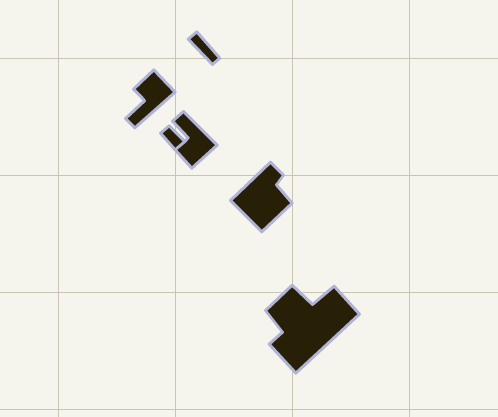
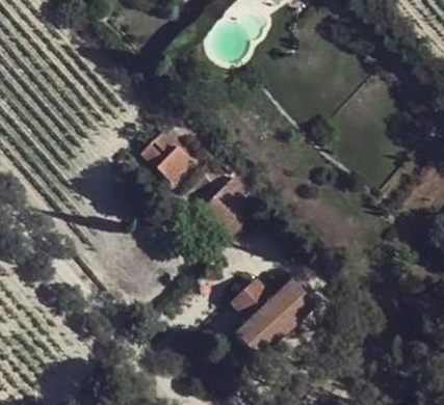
building: [126,70,175,128] -> none

